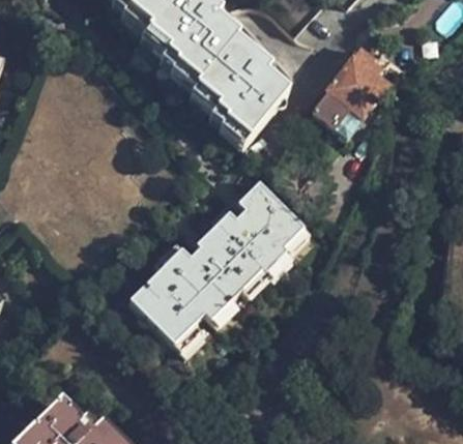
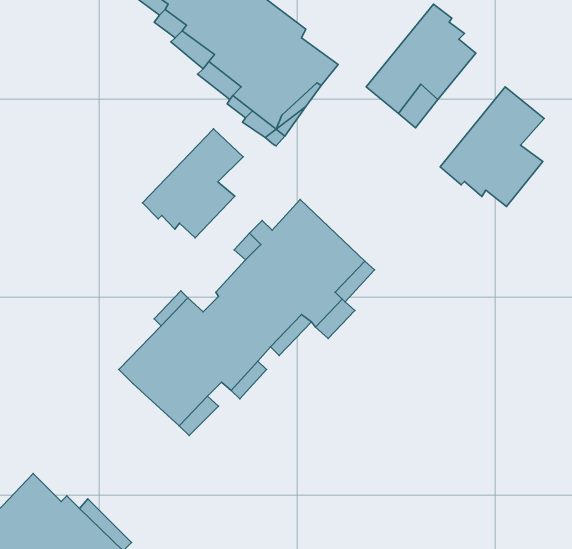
building: none -> [440,87,544,207]
building: none -> [142,129,243,238]

